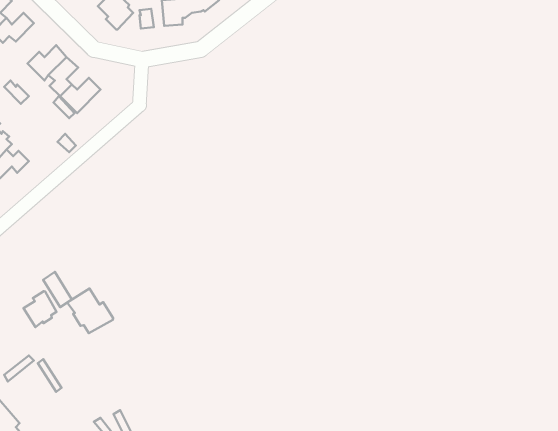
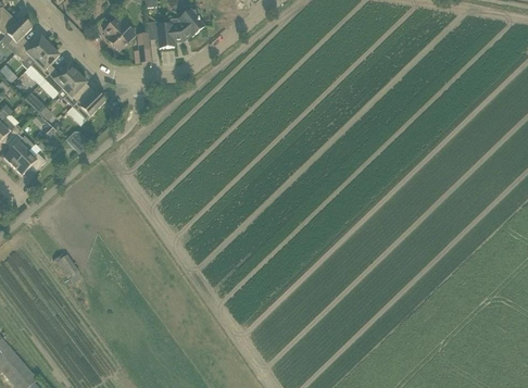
building: none -> [29,43,59,77]
building: [67,289,113,333] -> none
building: [24,291,57,327] -> none

